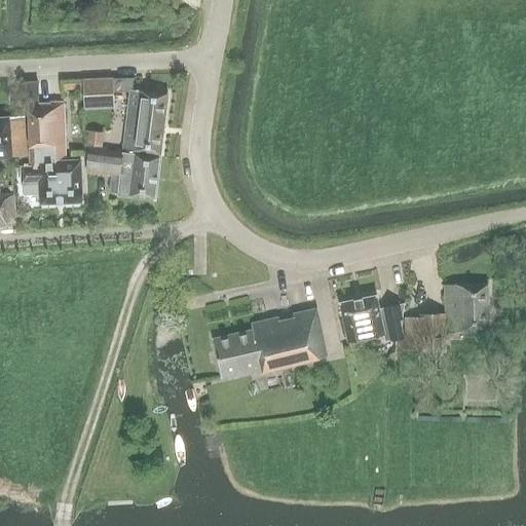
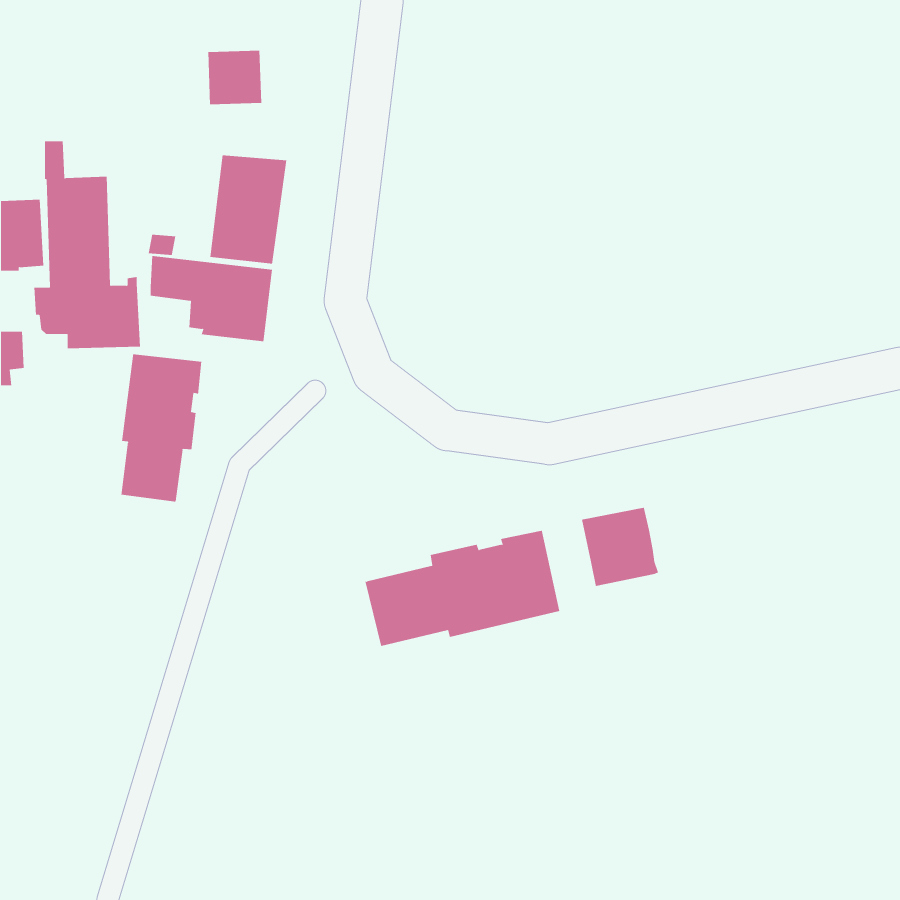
building: [83,77,115,109] -> [207,50,262,105]
building: none -> [121,354,202,503]
building: [419,285,489,351] -> none
building: [379,305,403,342] -> none

